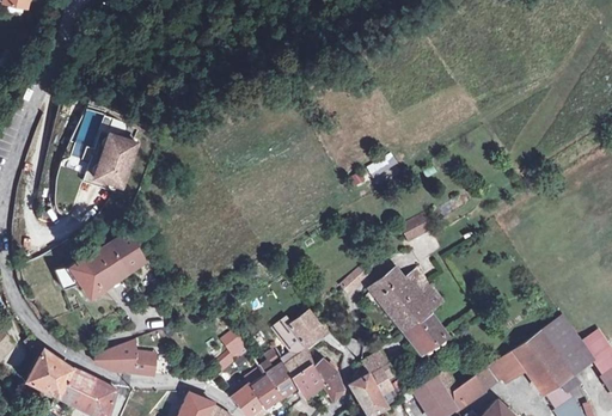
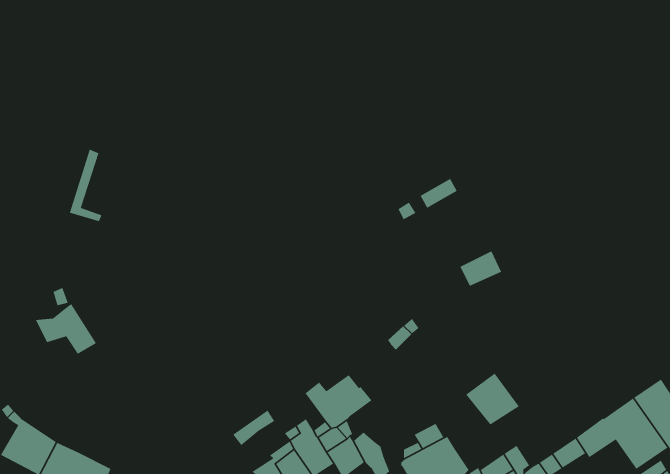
building: [93,134,136,188] -> none
building: [85,232,145,288] -> none
building: [369,269,442,330] -> none
building: [96,339,155,374] -> none

